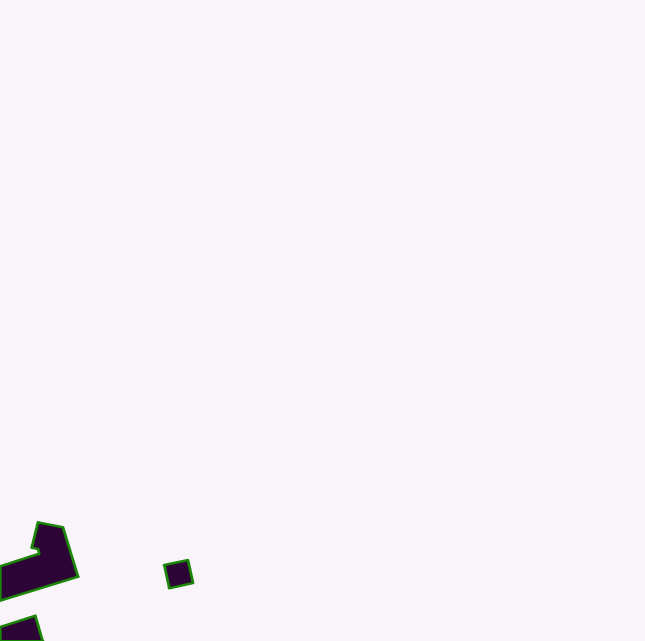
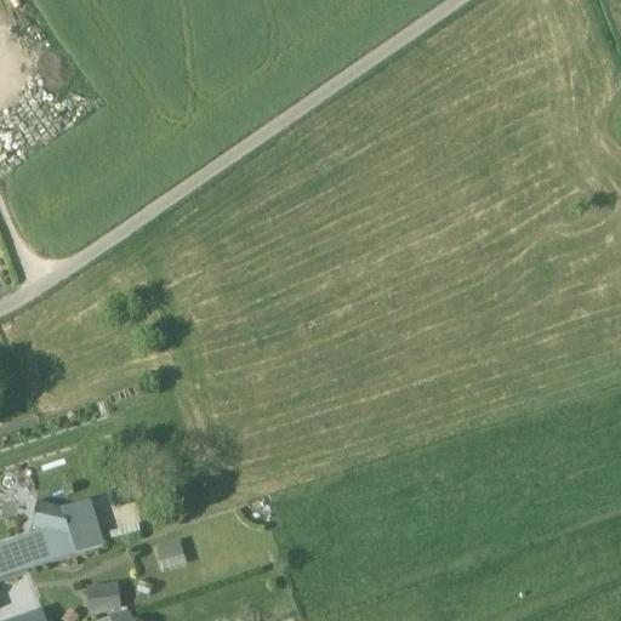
building: none -> [61,497,103,554]
building: none -> [85,581,119,610]

